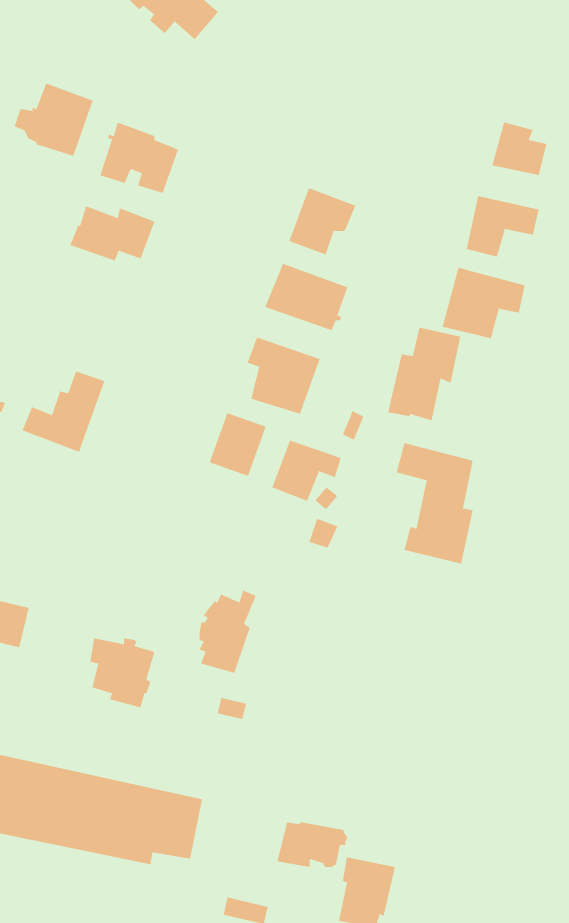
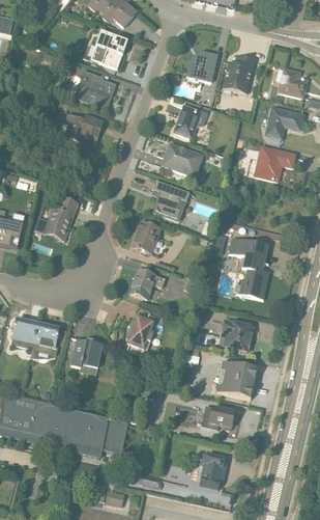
building: [14,83,94,156] -> [87,30,128,69]
building: none -> [187,51,219,81]
building: none -> [223,54,255,92]
building: [387,327,461,421] -> none
building: [272,440,341,502] -> [129,268,166,300]
building: none -> [221,319,255,352]
building: none -> [30,322,60,358]
building: none -> [216,360,258,399]
building: [277,822,348,868] -> [201,405,238,429]

